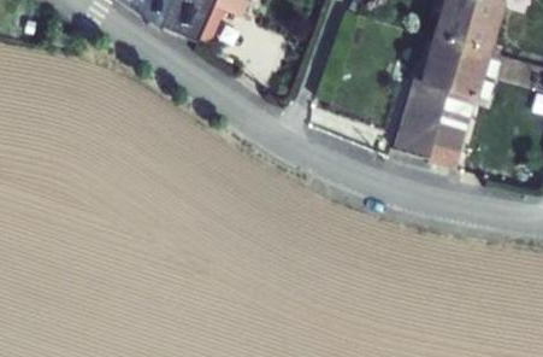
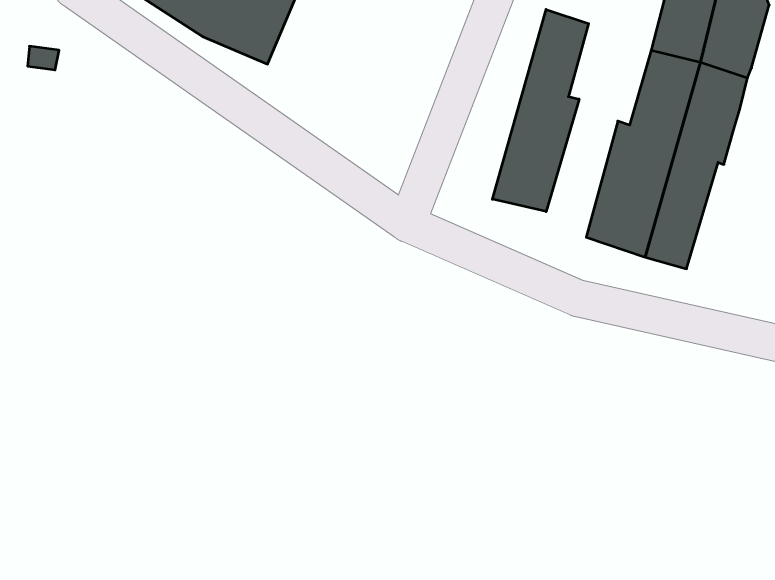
building: none -> [492,9,589,212]

